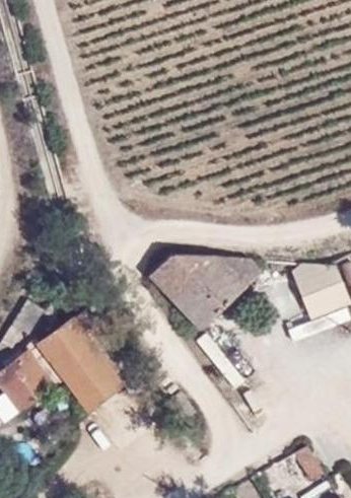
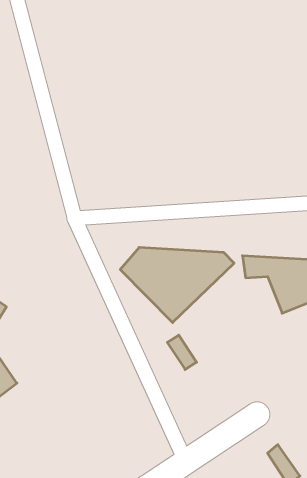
building: [40,312,123,409] -> none

